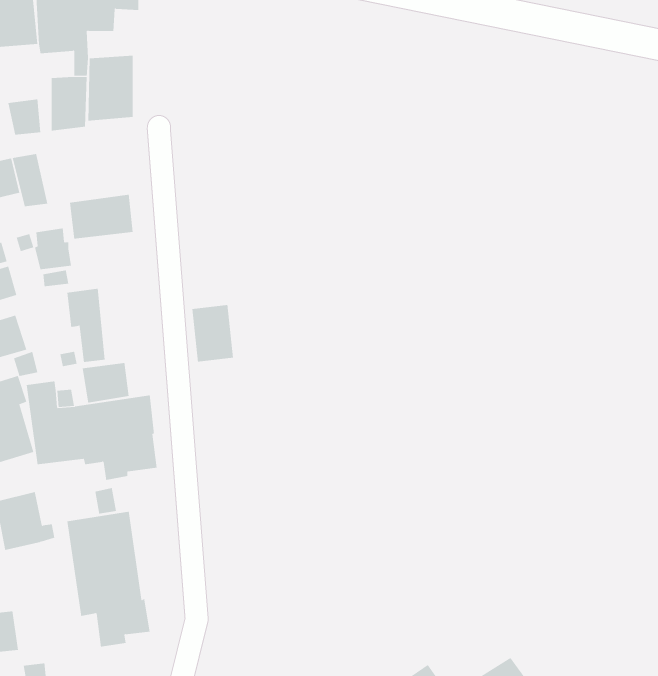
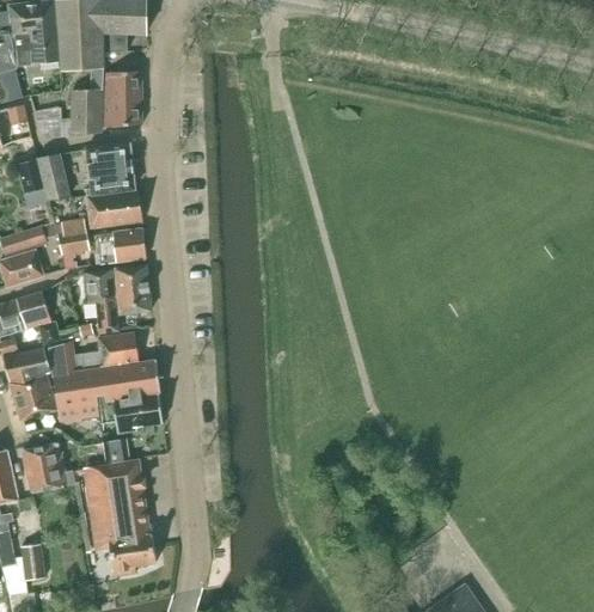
building: none -> [86,142,135,195]
building: none -> [98,228,146,263]
building: [192,305,234,362] -> [115,264,151,313]

